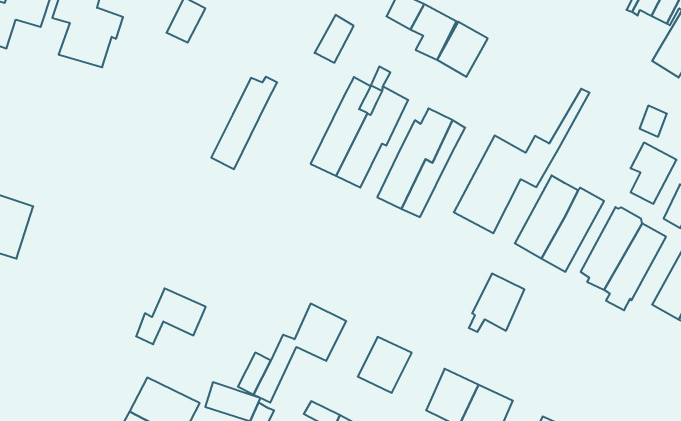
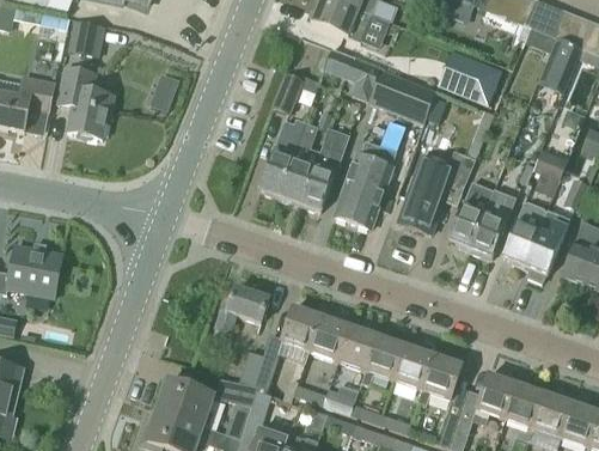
building: none -> [440,51,502,105]
building: none -> [393,79,438,124]
building: [211,77,277,169] -> [258,118,304,195]
building: [469,274,524,332] -> [362,336,403,384]
building: [136,288,206,344] -> [214,286,267,331]
building: none -> [308,312,350,360]

